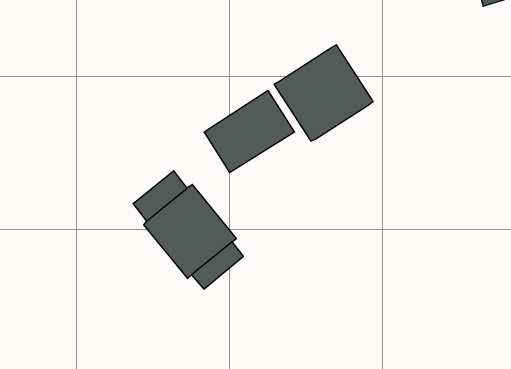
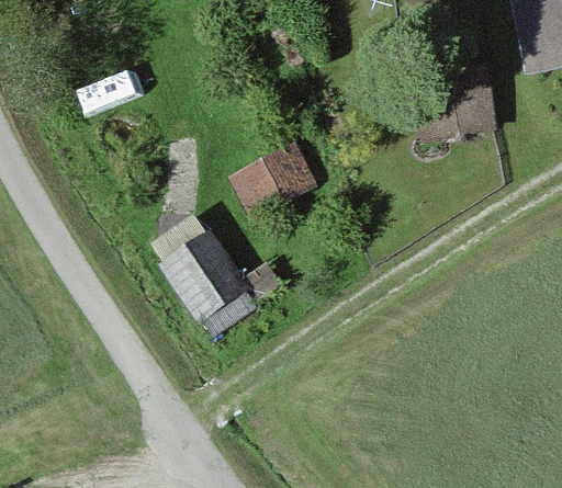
building: [274,45,373,141] -> none

